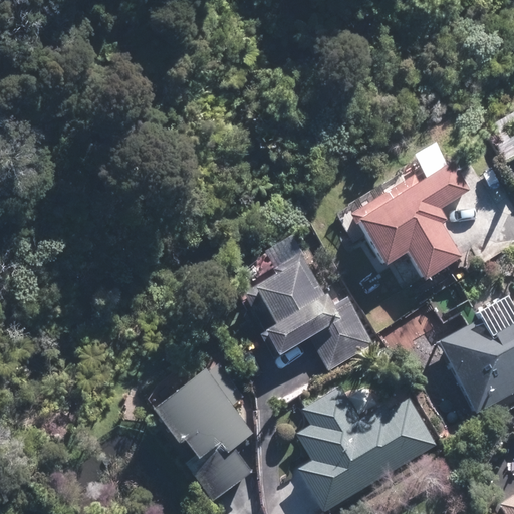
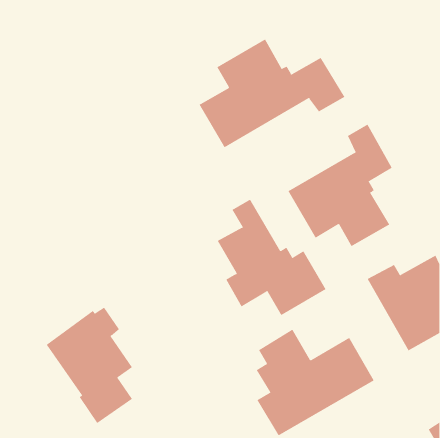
building: none -> [199,38,345,148]
building: [155,365,256,502] -> [46,307,133,424]

